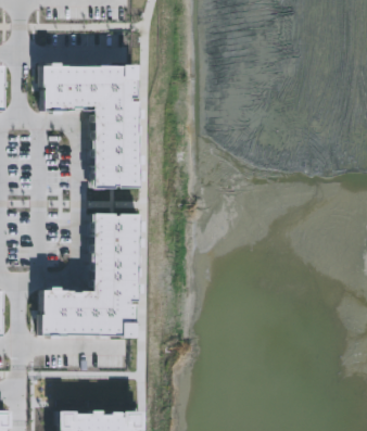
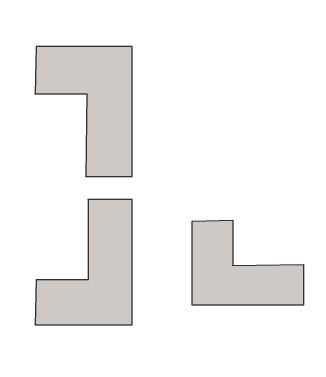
building: none -> [192,220,303,305]

